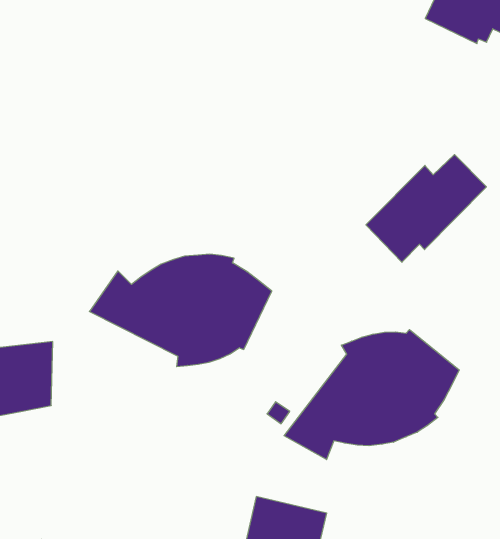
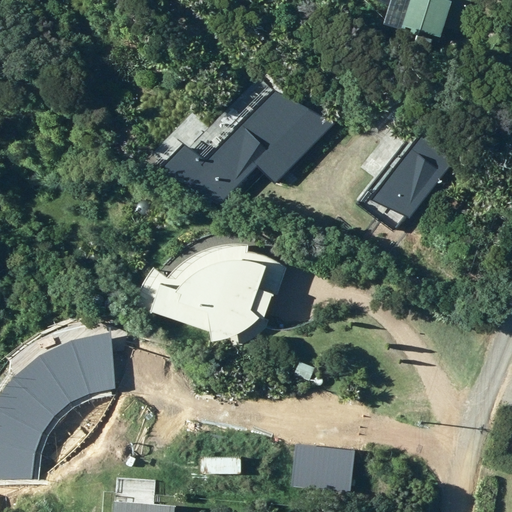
building: none -> [151,77,335,203]
building: [284,330,459,460] -> none

